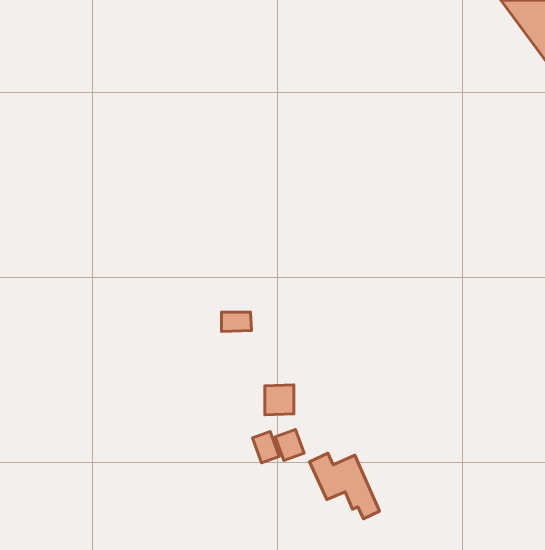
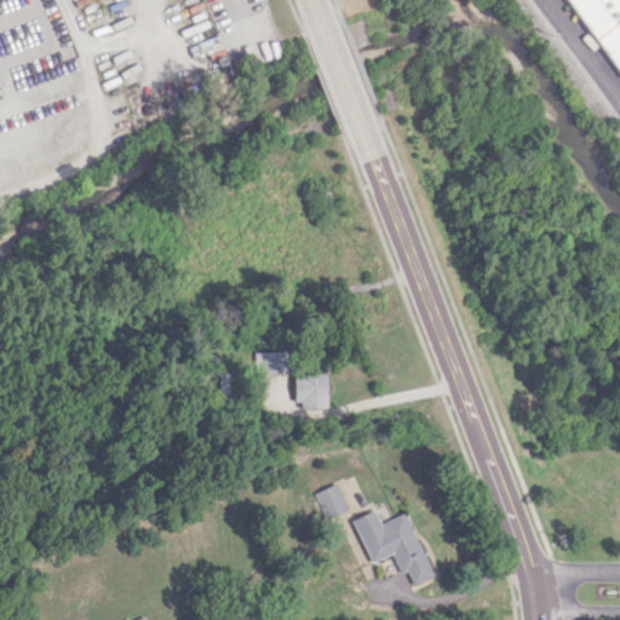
building: [265,385,294,415] -> [295,373,328,407]
building: [253,432,279,463] -> none

